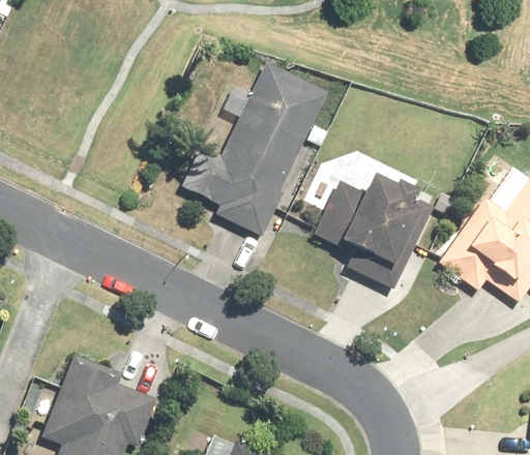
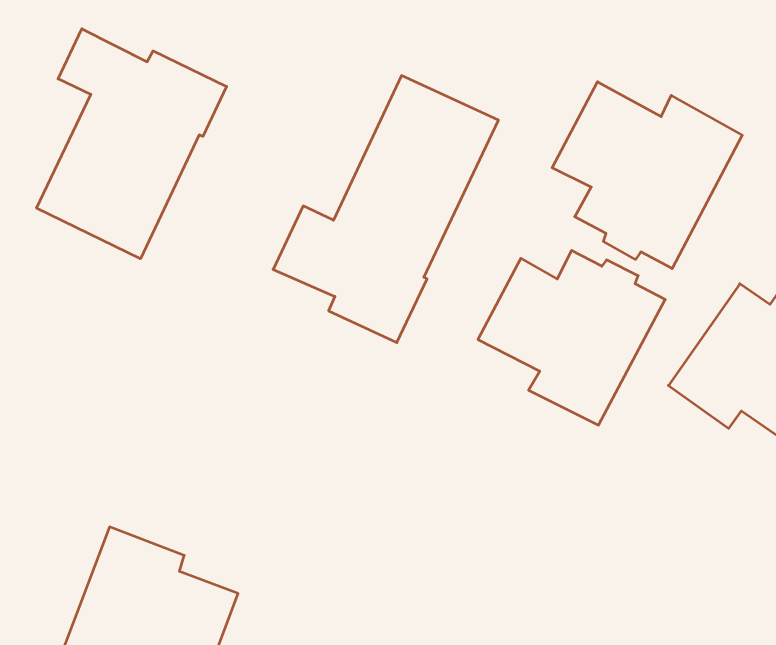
building: none -> [37,29,227,259]
building: none -> [552,82,742,269]

